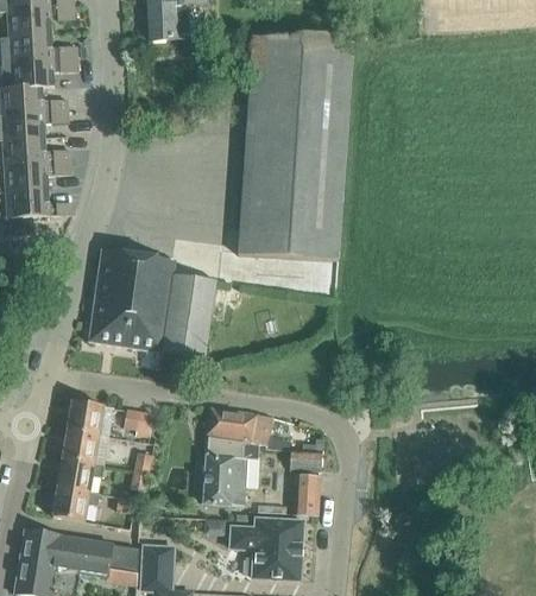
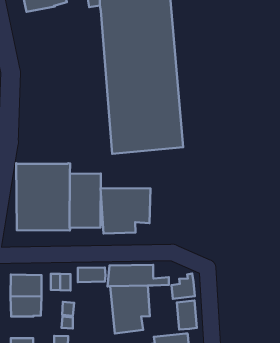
building: none -> [101,188,150,233]
building: none -> [78,267,105,282]
building: [57,458,93,493] -> none

